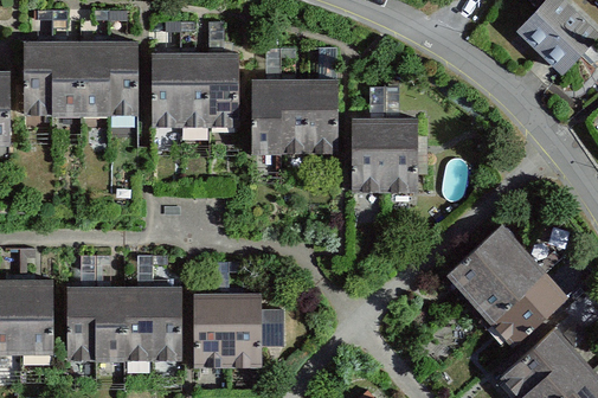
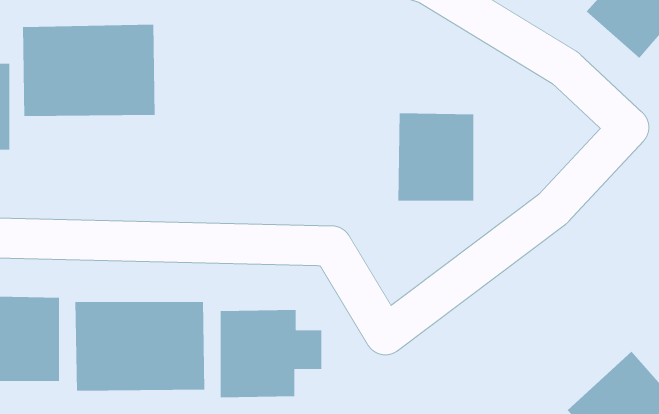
building: [150,52,238,131] -> none
building: [250,76,337,155] -> none
building: [444,225,567,349] -> none

